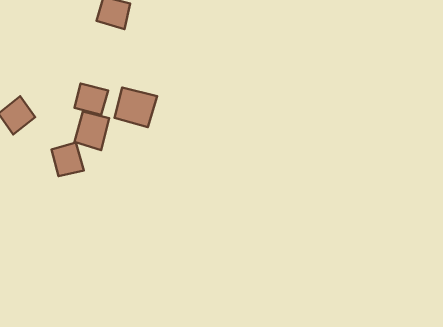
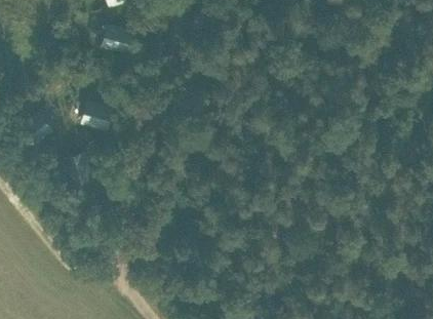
building: [114,88,157,127] -> none
building: [74,111,109,150] -> none

